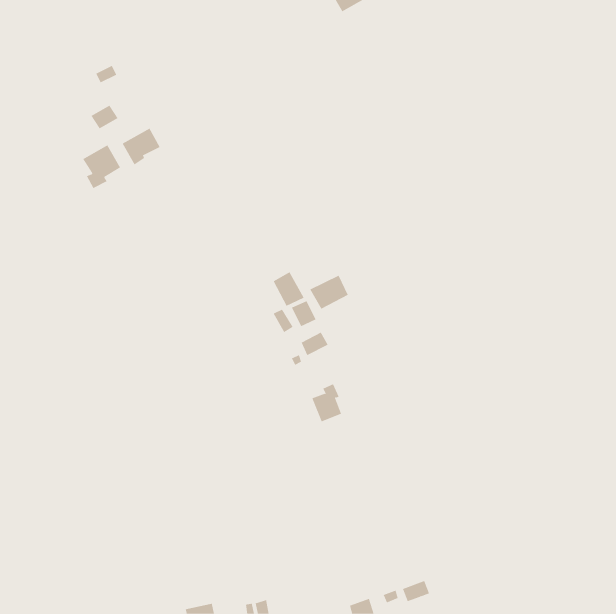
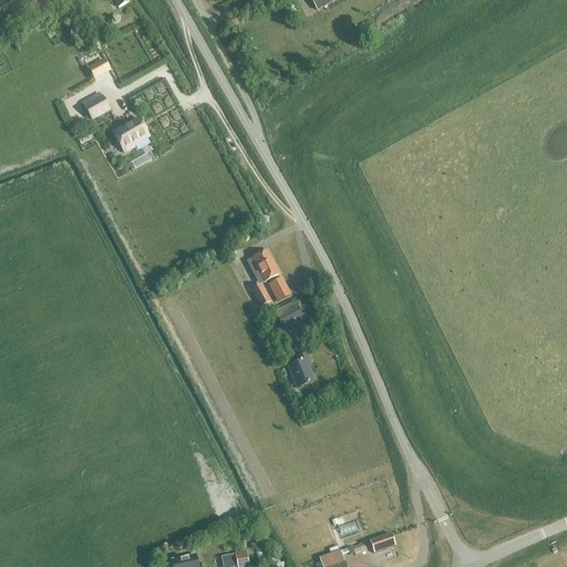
building: [83,144,121,189] -> none
building: [310,275,349,309] -> none

